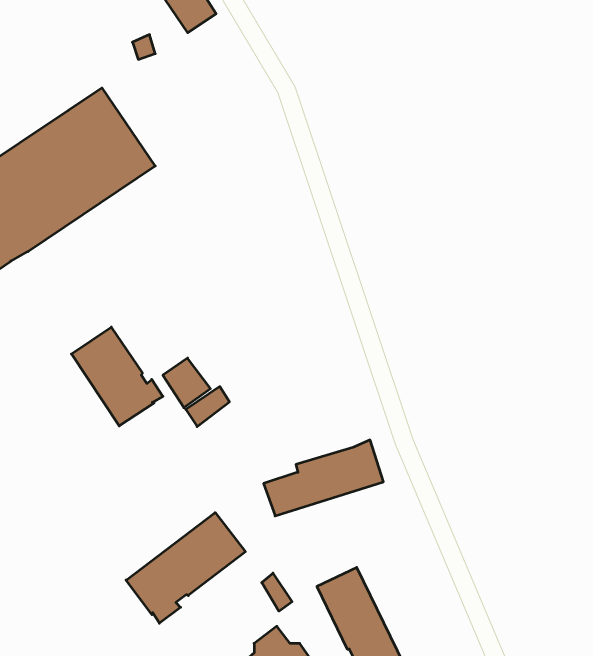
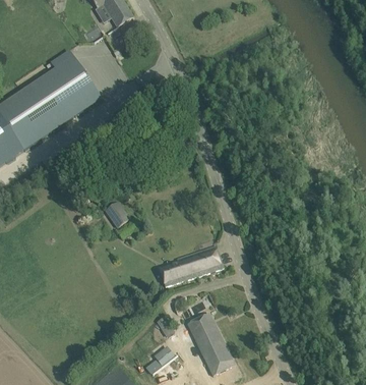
building: [71,327,163,426] -> none
building: [126,513,245,623] -> none

